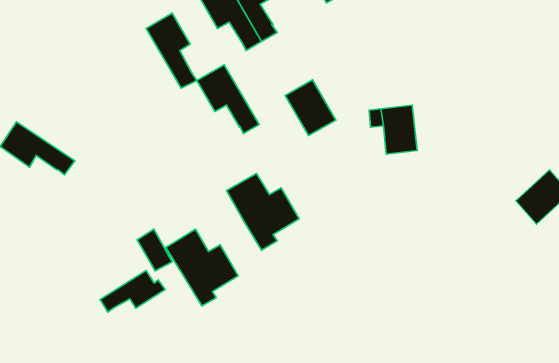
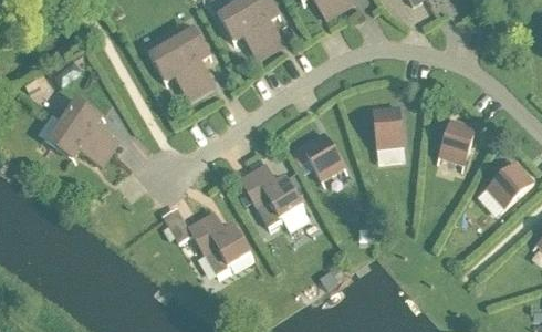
building: [197,65,259,134] -> [148,39,201,97]
building: [285,80,336,136] -> [301,131,344,178]
building: none -> [61,92,118,152]
building: none -> [438,117,476,163]
building: [100,271,165,312] -> none

